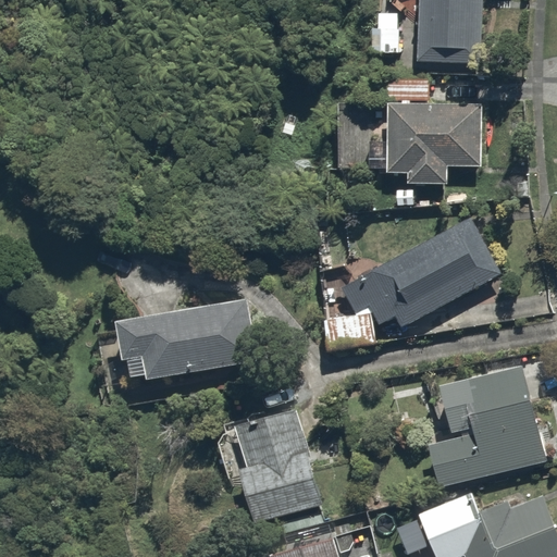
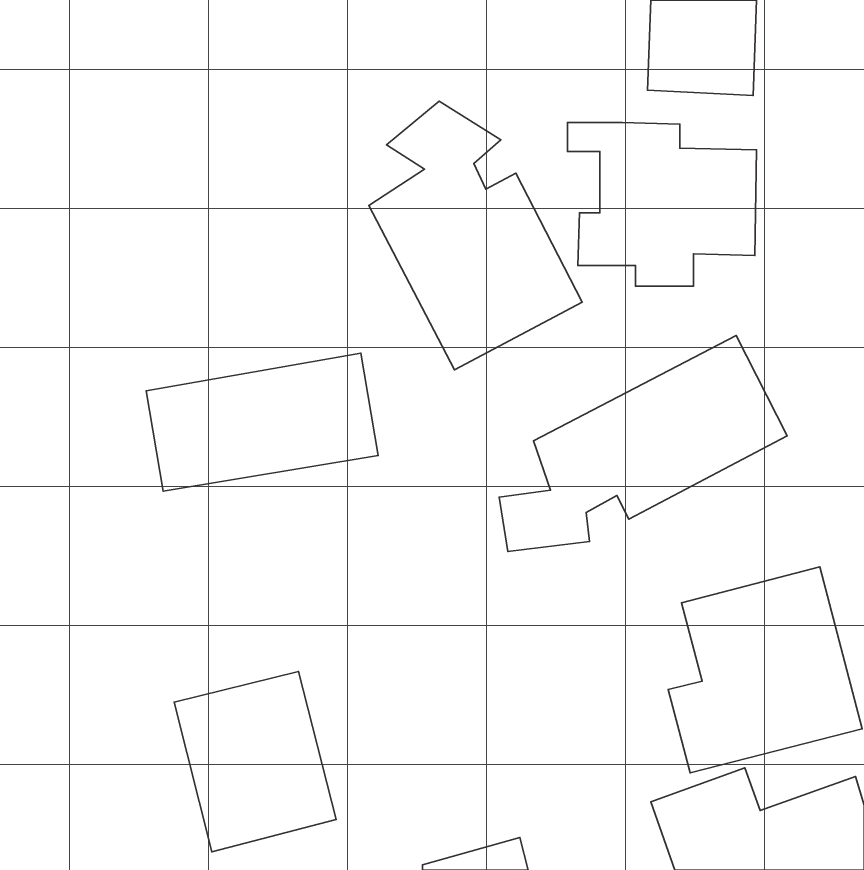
building: none -> [369,101,582,370]
building: [110,299,258,387] -> [146,353,378,491]
building: [221,410,324,525] -> [174,671,336,852]

